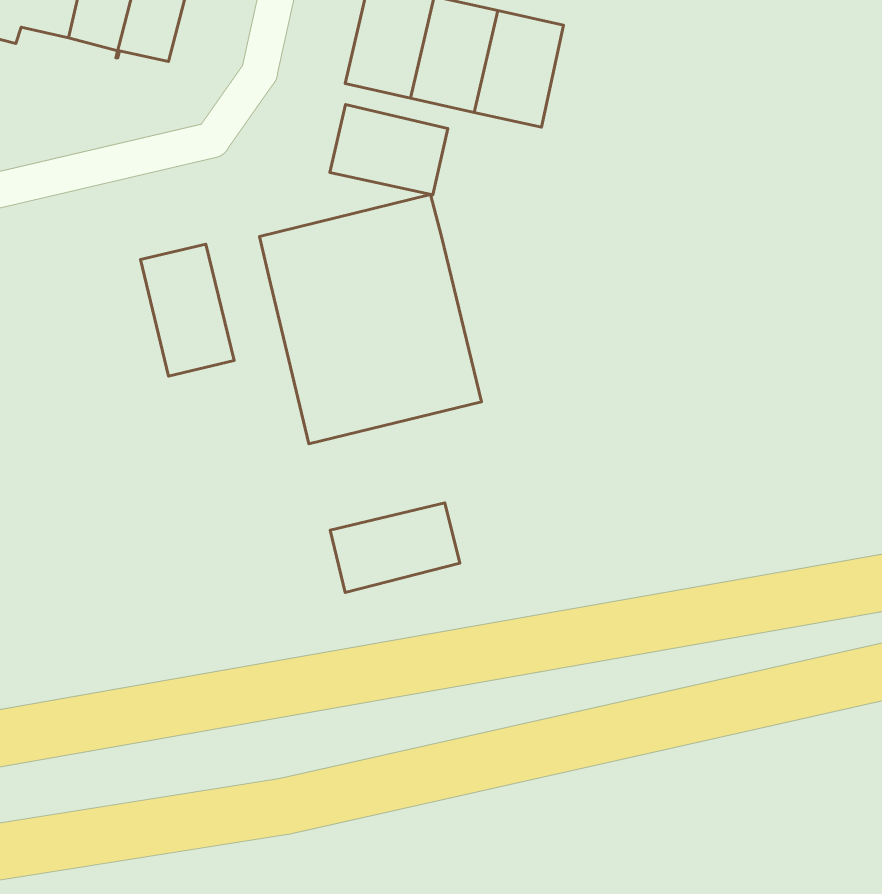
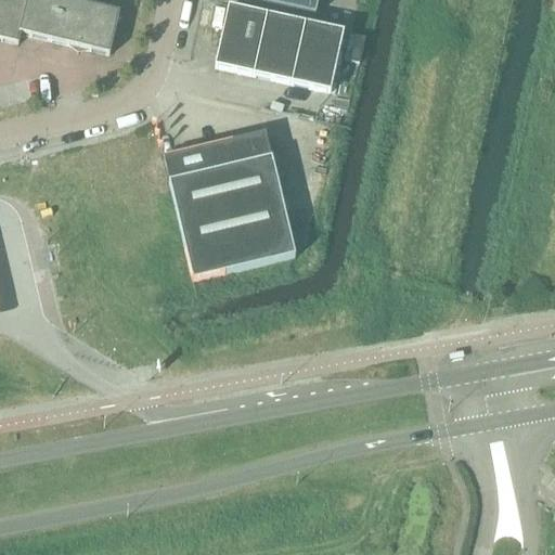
building: [330,105,448,195] -> none
building: [140,244,234,376] -> none
building: [330,503,460,593] -> none

